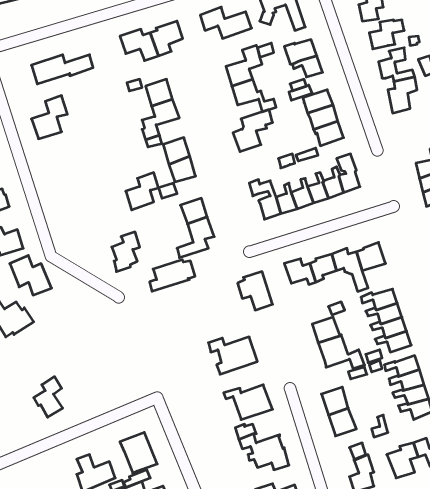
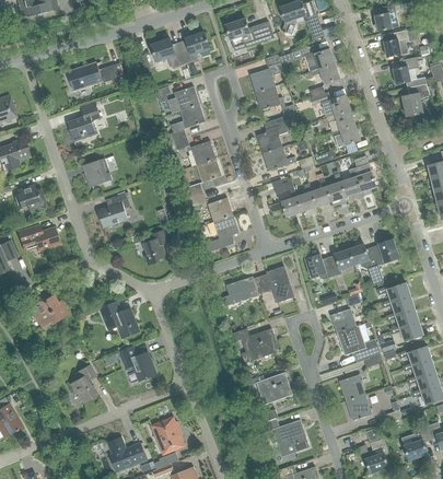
building: none -> [263,147,295,171]
building: none -> [82,157,112,186]
building: [126,173,158,210] -> [100,192,130,227]
building: [10,255,52,295] -> [100,301,139,338]
building: [150,260,195,291] -> [222,276,265,305]
building: none -> [118,346,155,381]

